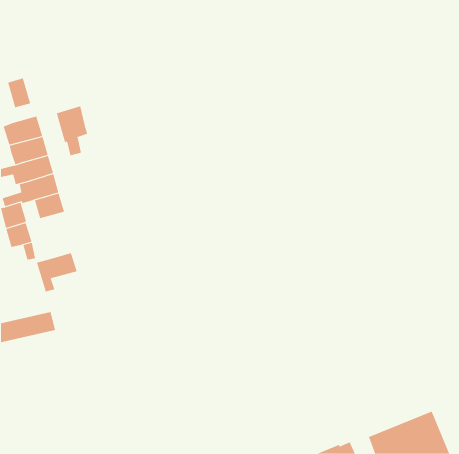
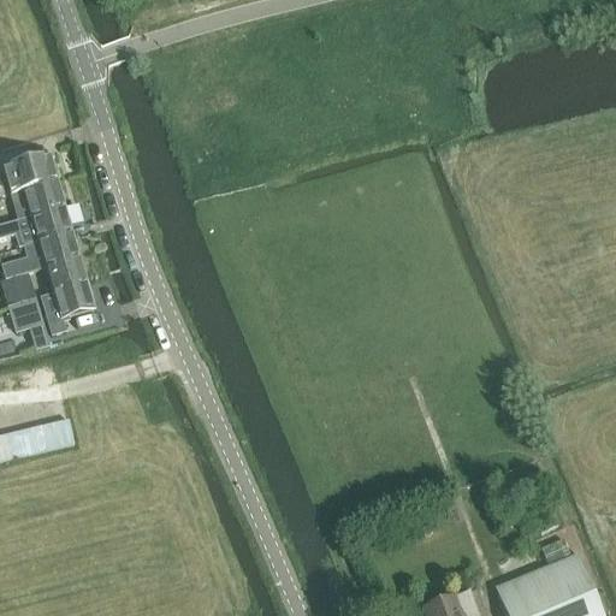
building: [7,78,31,108] -> none
building: [56,106,88,156] -> none
building: [36,253,78,292] -> [40,284,95,337]

